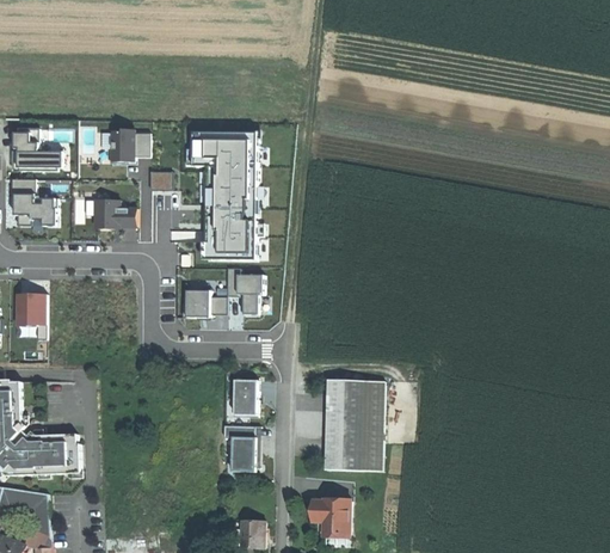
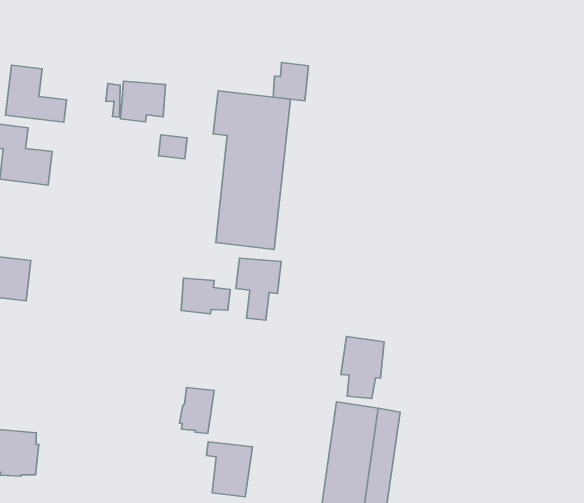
building: none -> [273,63,308,101]
building: [95,198,137,228] -> none
building: none -> [341,337,384,398]
building: [230,380,257,417] -> [179,387,214,433]

